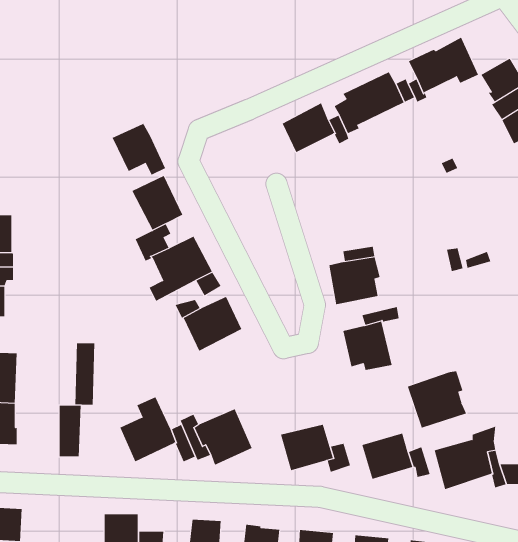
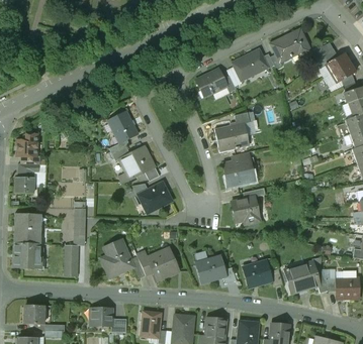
building: [112,122,166,175] -> none
building: none -> [214,112,249,151]
building: [407,370,467,428] -> none

